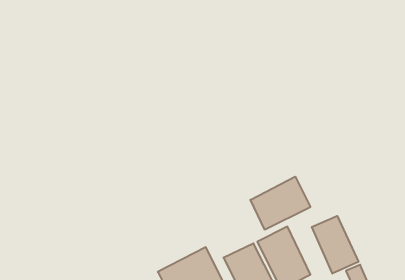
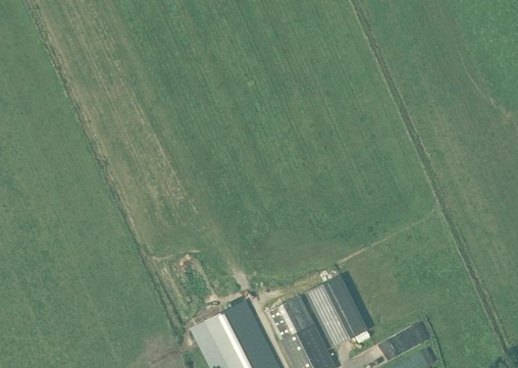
building: [250,177,310,230] -> none
building: [312,216,358,274] -> none

